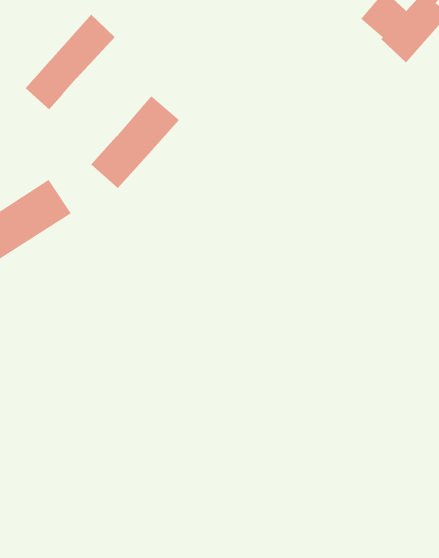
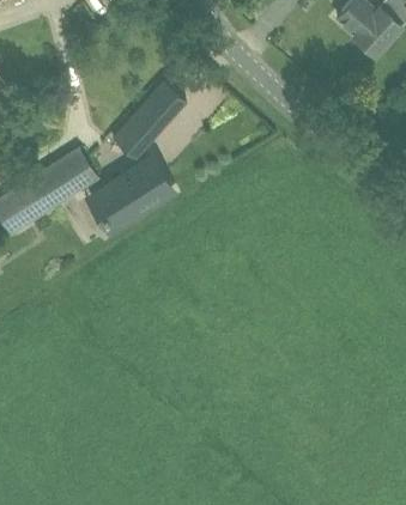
building: [25,14,116,110] -> none
building: none -> [90,158,172,231]

